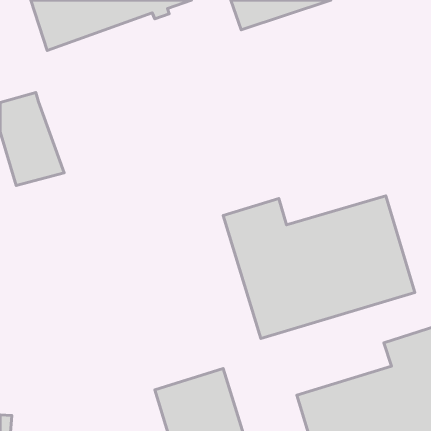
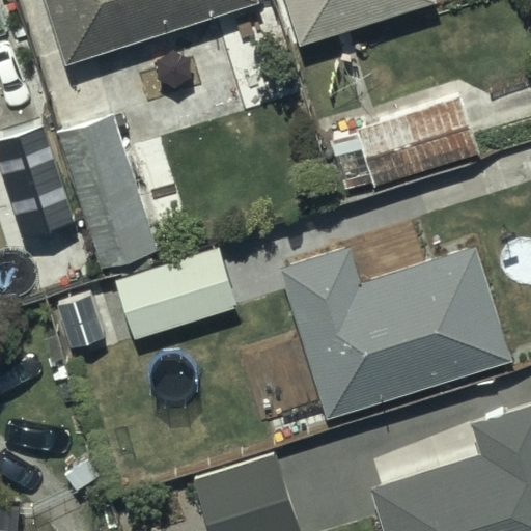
building: none -> [330,96,475,194]
building: none -> [54,108,167,268]
building: none -> [116,248,236,338]

